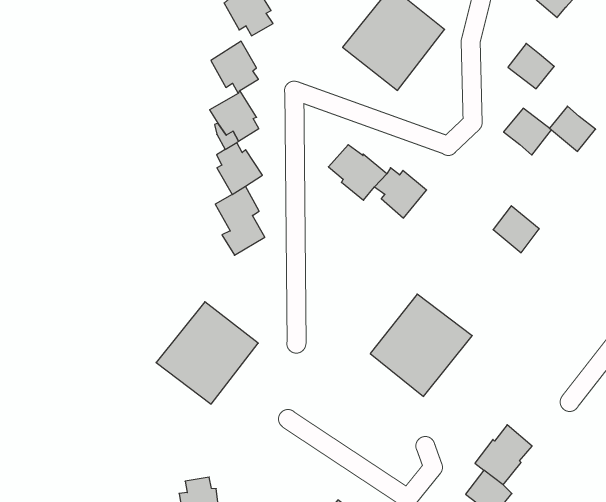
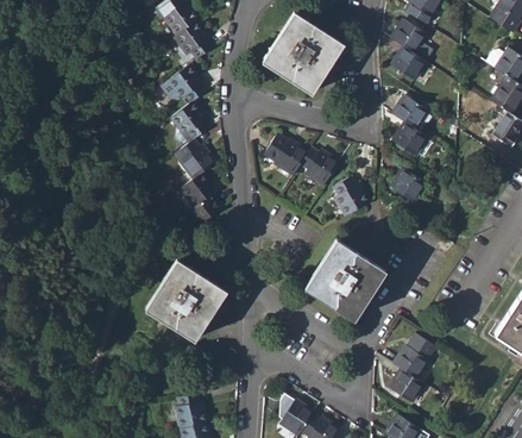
building: none -> [390,20,424,54]
building: [549,106,596,151] -> [392,123,427,156]
building: none -> [334,177,367,215]

